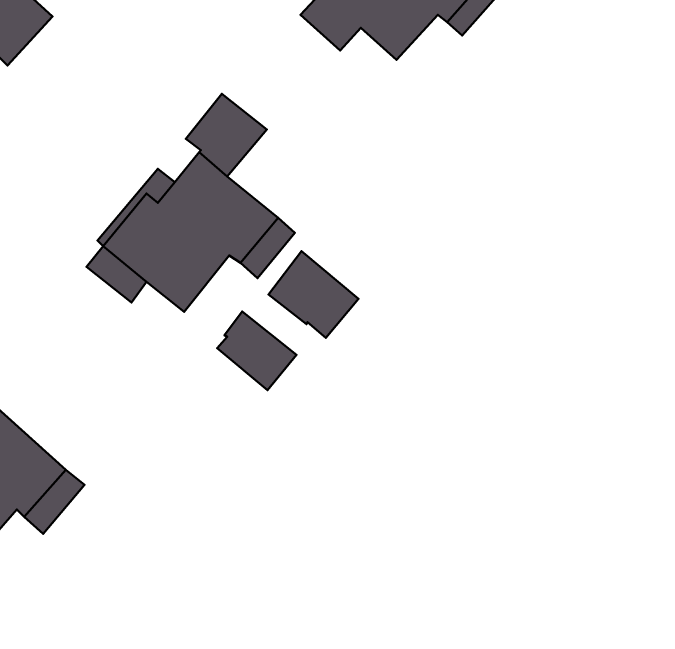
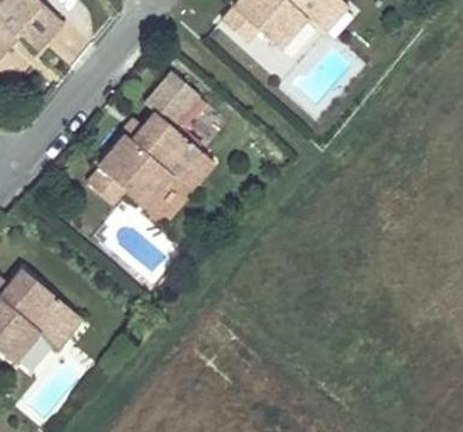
building: [269,251,358,338] -> none
building: [217,311,297,390] -> none

